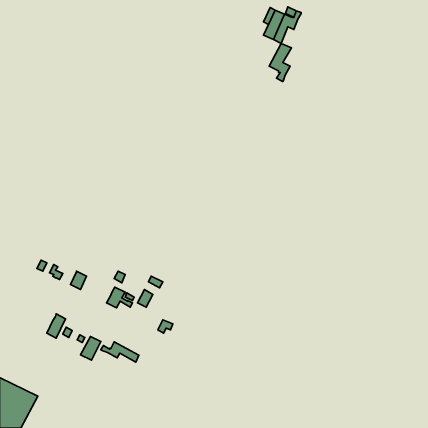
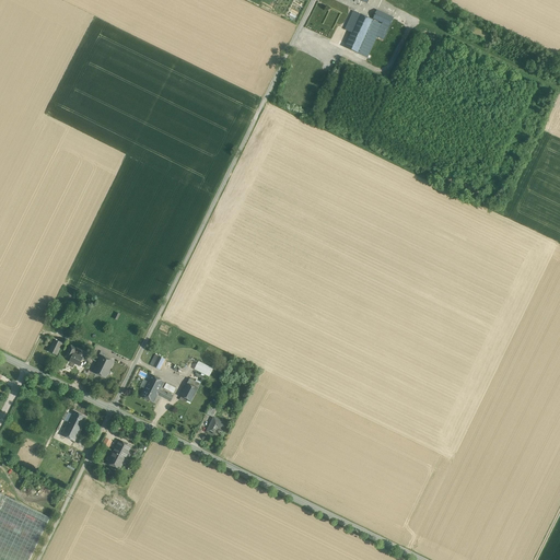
building: [269,44,291,81] -> none
building: [101,342,139,362] -> none

